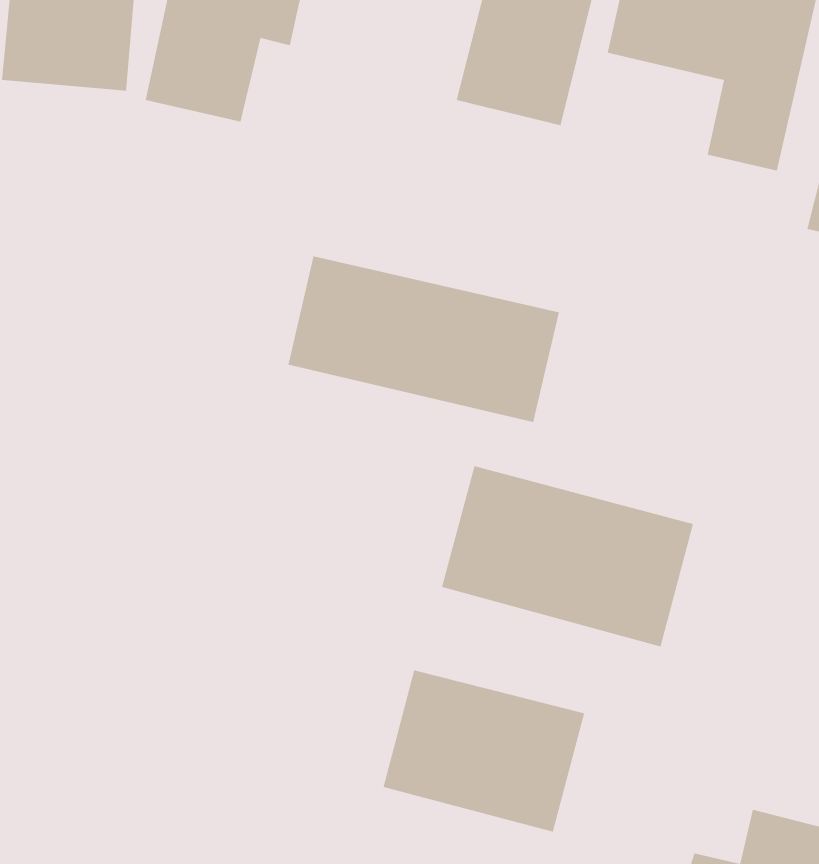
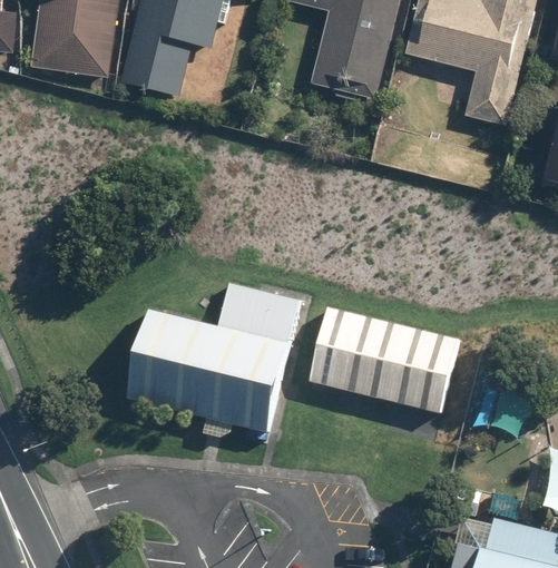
building: [288,255,560,423] -> none
building: none -> [125,283,302,432]
building: [383,669,585,832] -> none

